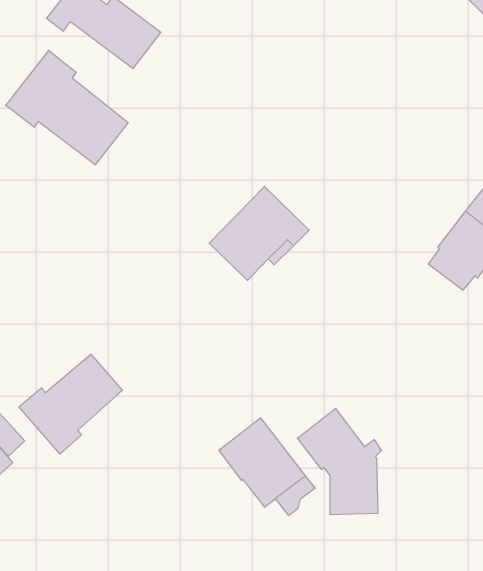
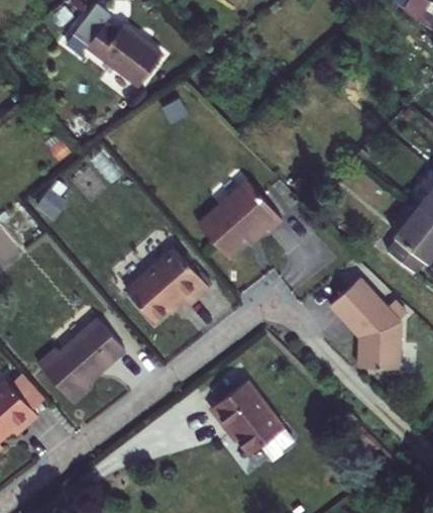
building: [6,50,128,165] -> none
building: none -> [126,247,210,321]
building: [297,408,382,514] -> [325,277,396,366]

